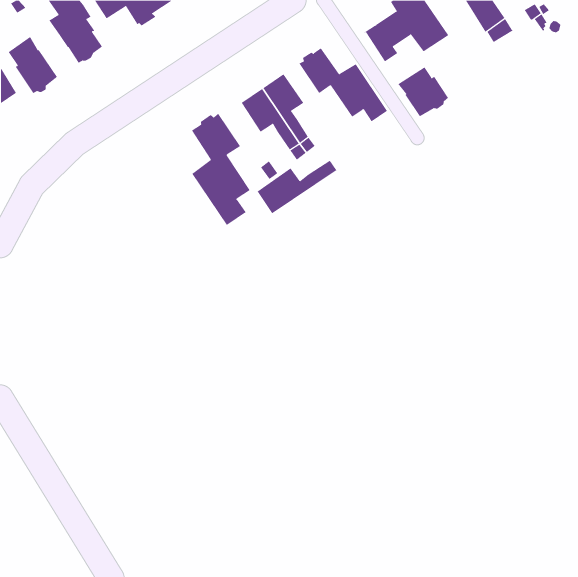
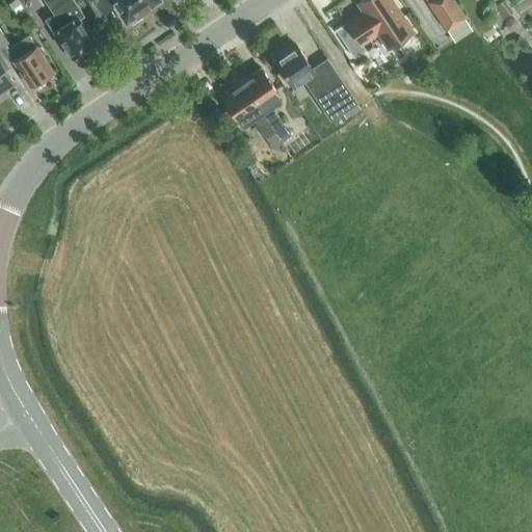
building: [397,66,449,117] -> none
building: [191,113,251,226] -> none
building: [257,160,337,214] -> none

